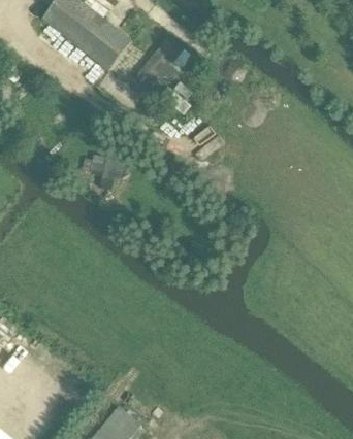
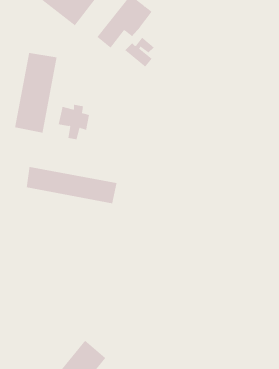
building: none -> [15,52,57,134]
building: none -> [26,166,117,204]

